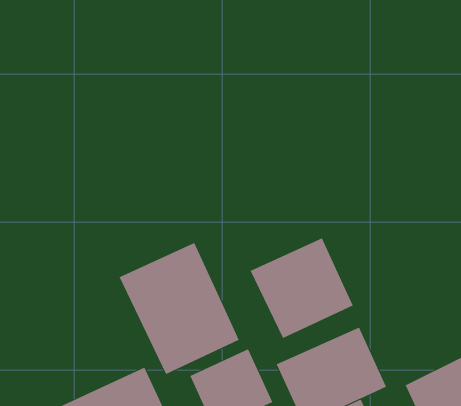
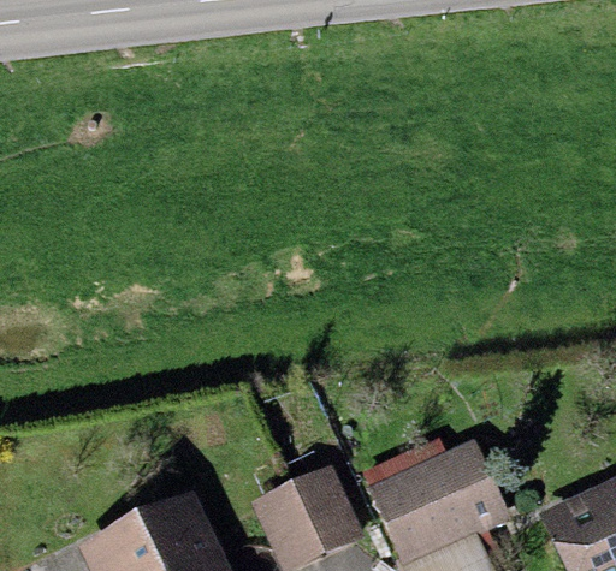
building: [250,237,354,339] -> none
building: [119,242,240,375] -> none

